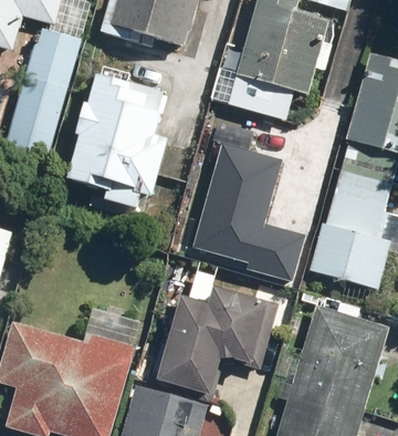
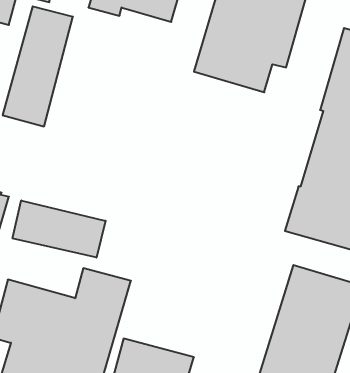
building: [69,65,170,209] -> none
building: [191,144,305,280] -> none
building: none -> [13,200,106,258]
building: [156,284,271,395] -> none

